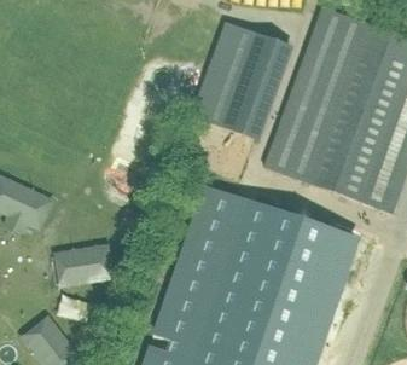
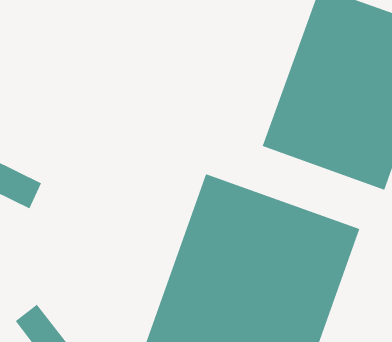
building: [208,25,286,133] -> none
building: [52,244,106,280] -> none

